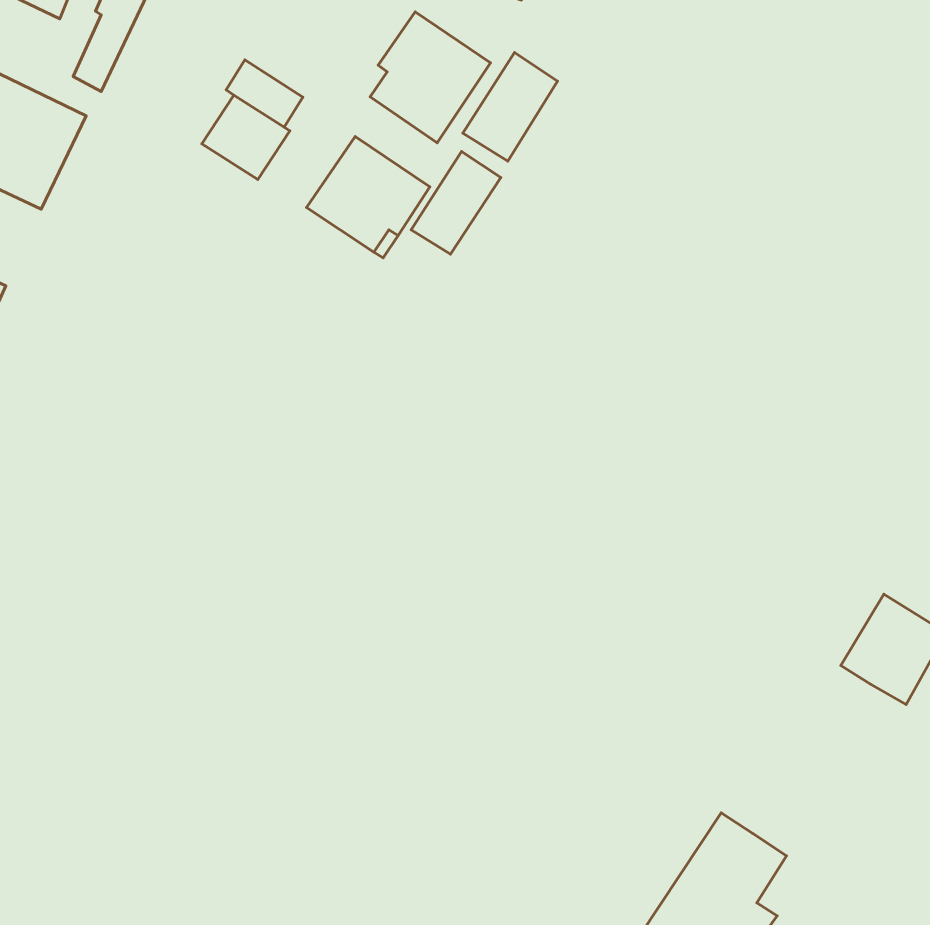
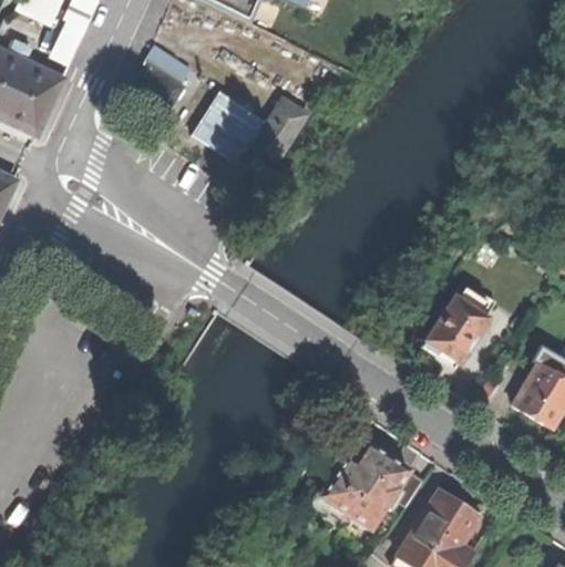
building: [370,12,491,143] -> none
building: [463,53,558,161] -> none
building: none -> [419,287,486,362]
building: none -> [319,443,423,529]

